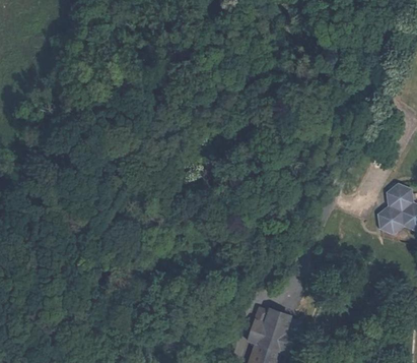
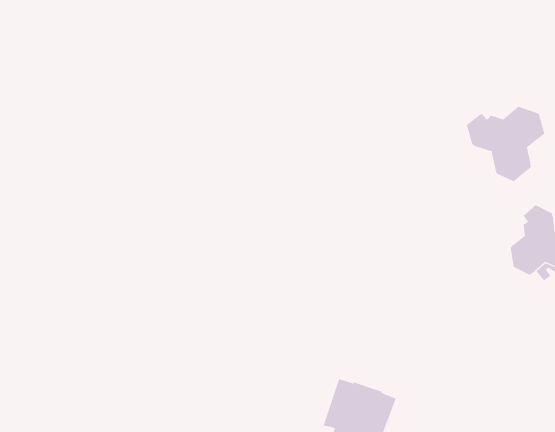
building: none -> [466,106,545,182]

